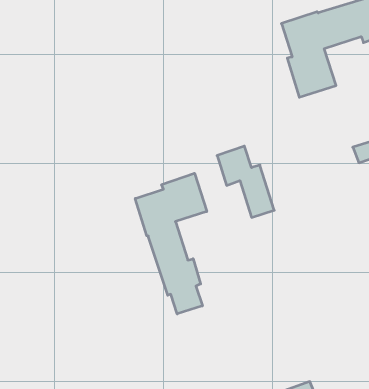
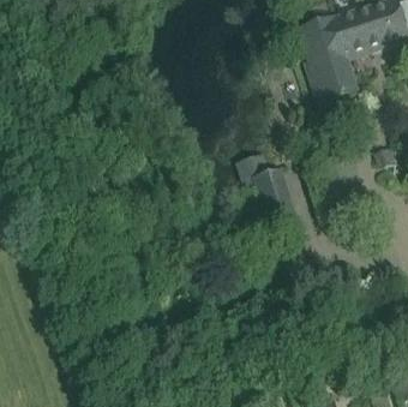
building: [135,173,207,314] -> none

